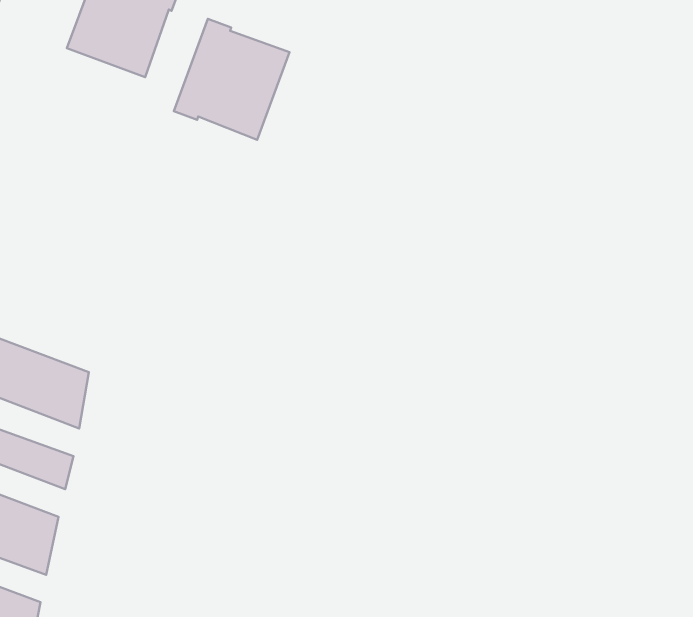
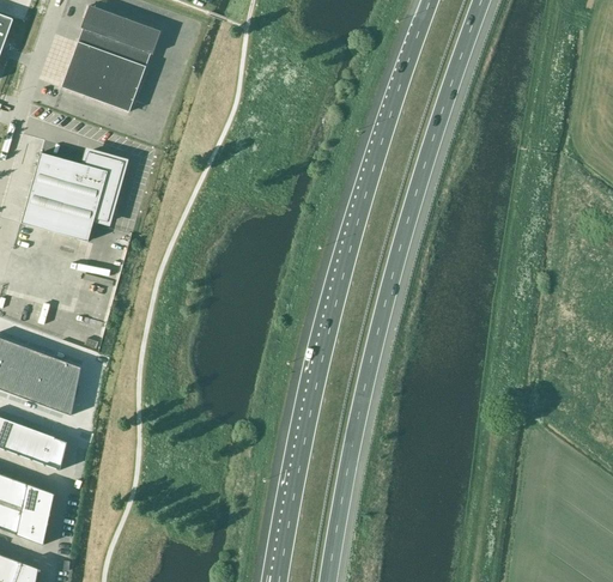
building: [174,19,289,140] -> none
building: none -> [20,151,125,241]

